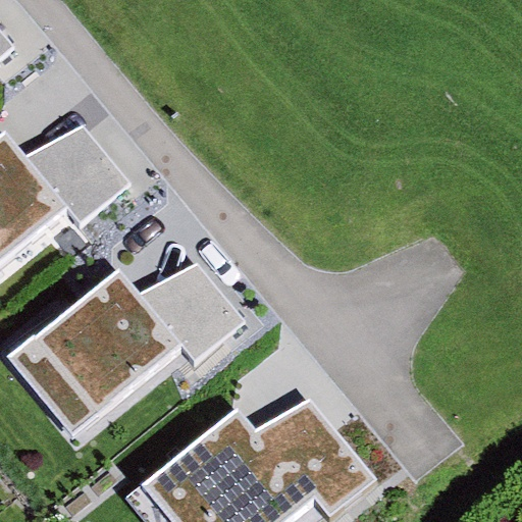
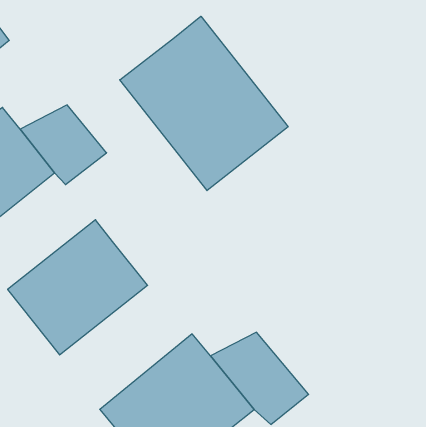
building: none -> [120,16,288,191]
building: [137,266,242,363] -> none

